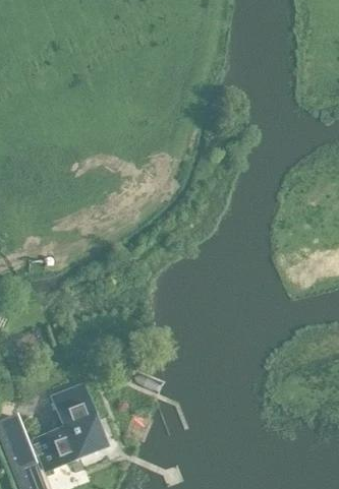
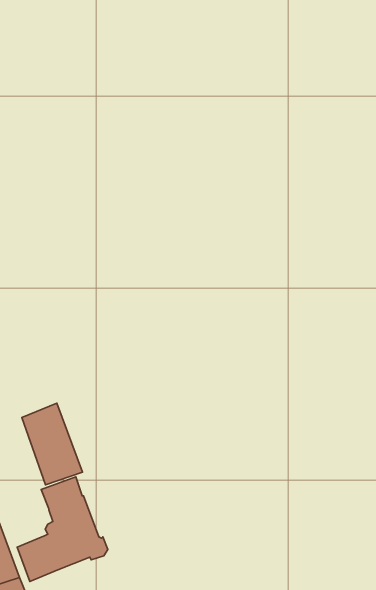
building: none -> [22,403,83,485]

